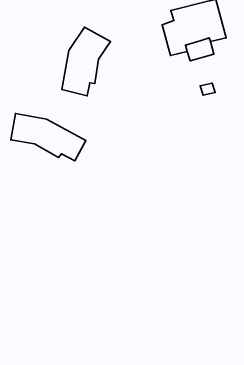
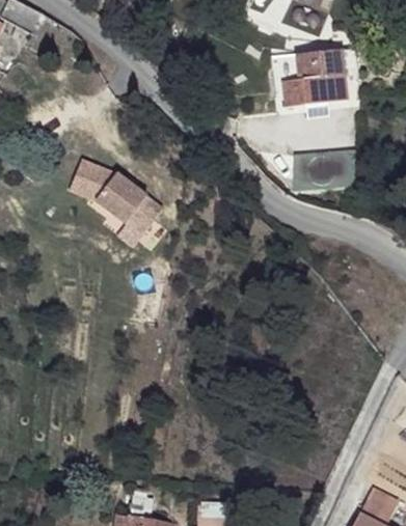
building: [62,27,110,96] -> none

